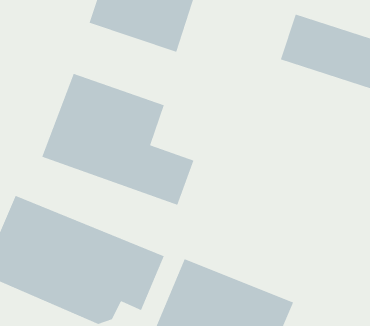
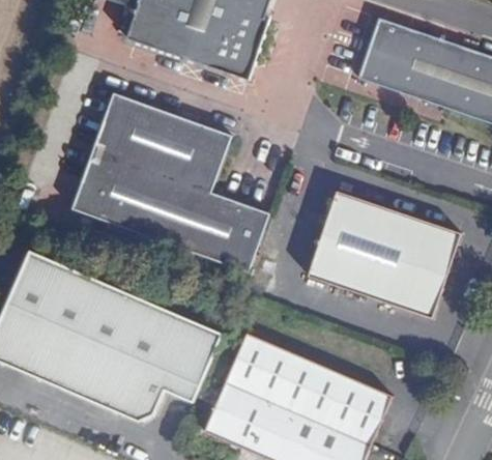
building: none -> [306,186,457,313]

